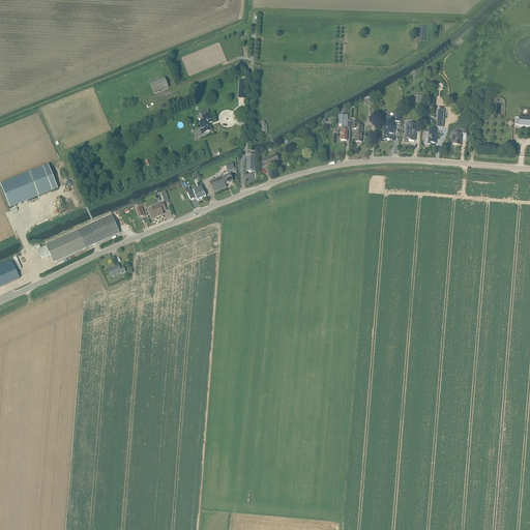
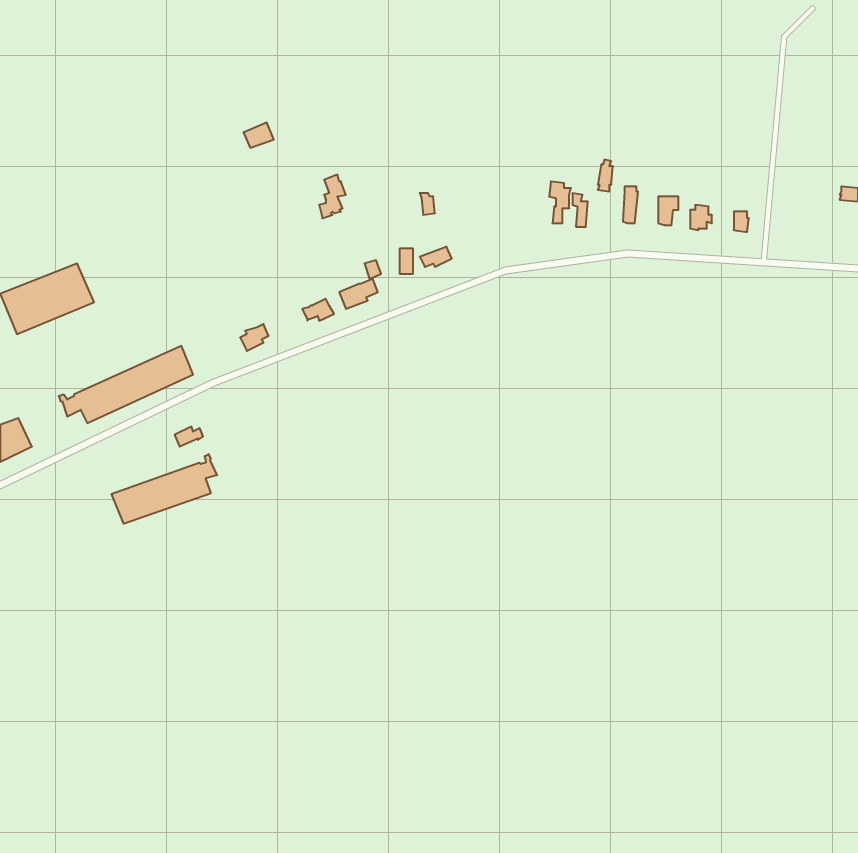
building: none -> [112,454,217,524]

